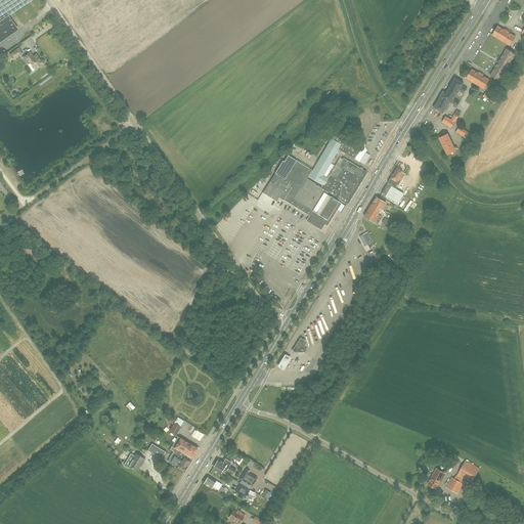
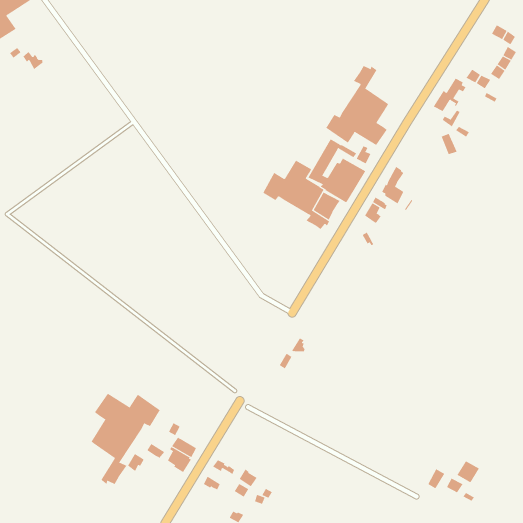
building: none -> [326,65,389,146]
building: none -> [90,393,161,485]

